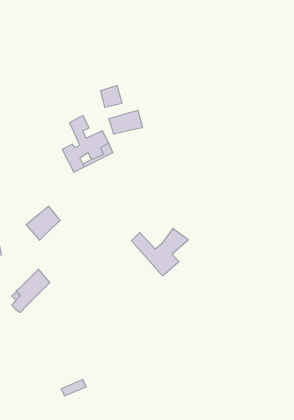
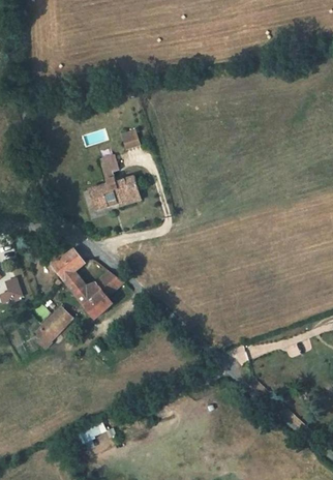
building: [109,110,143,134] -> none
building: [131,228,188,276] -> [64,269,121,317]

